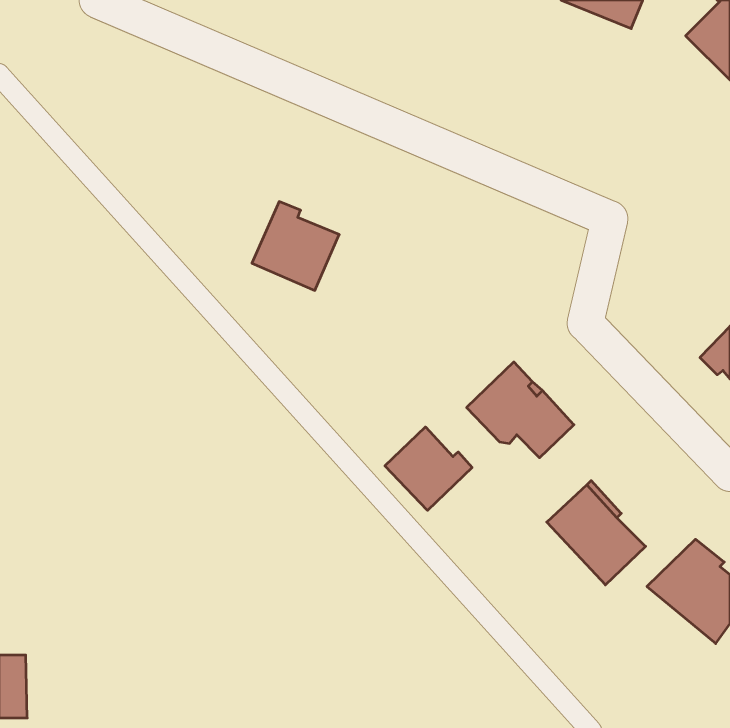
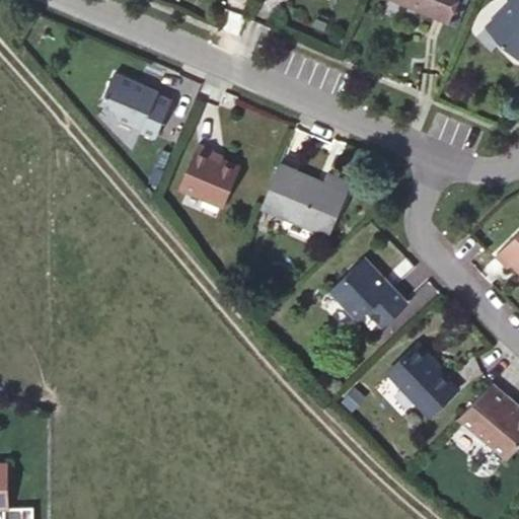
building: none -> [102,75,171,137]
building: none -> [261,164,351,237]
building: [385,427,472,510] -> none

